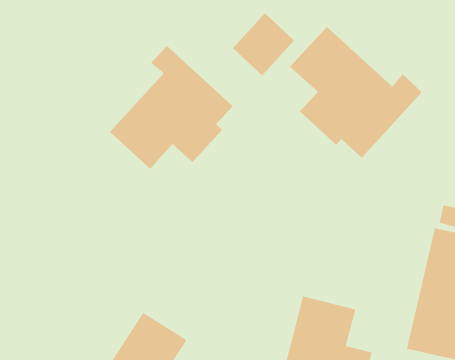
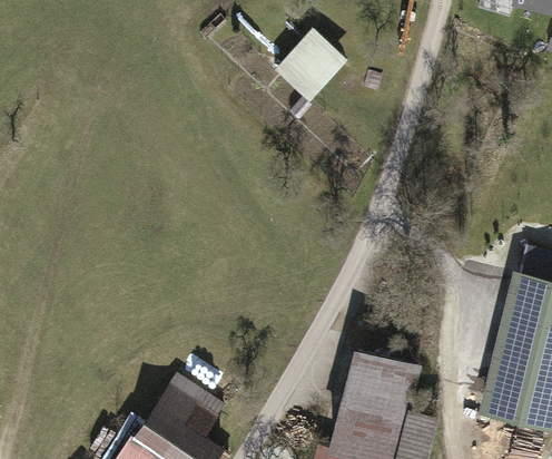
building: [289,26,423,158] -> none
building: [109,45,234,170] -> none

